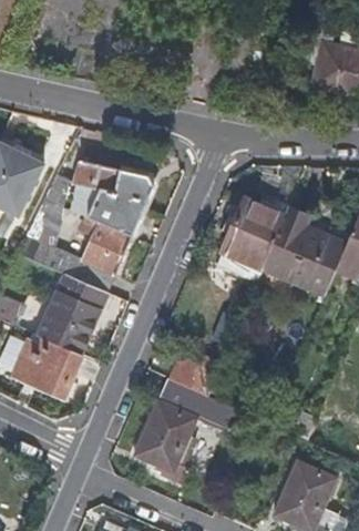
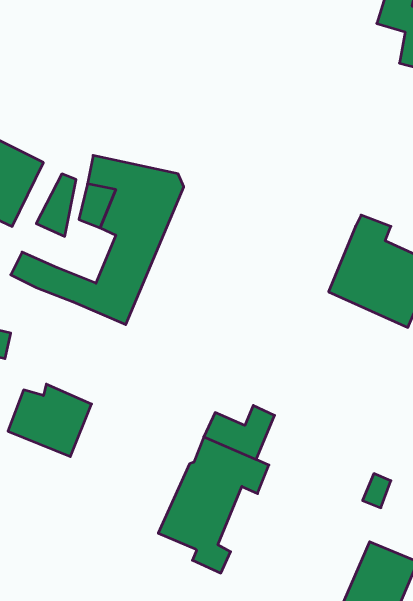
building: [217,197,286,282] -> none
building: [37,274,106,354] -> none

